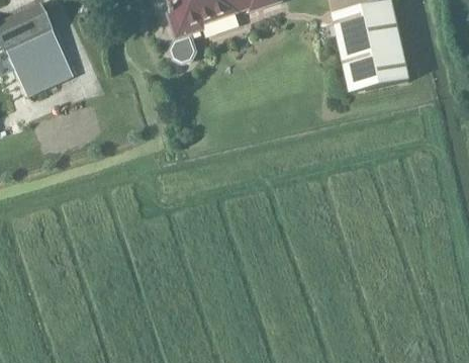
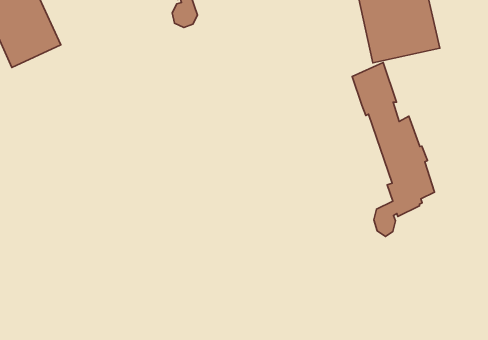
building: none -> [352,63,434,236]

